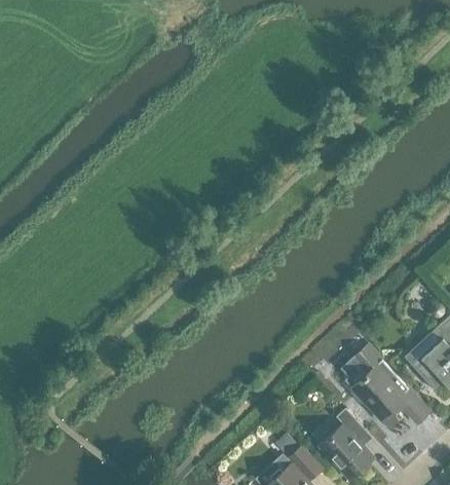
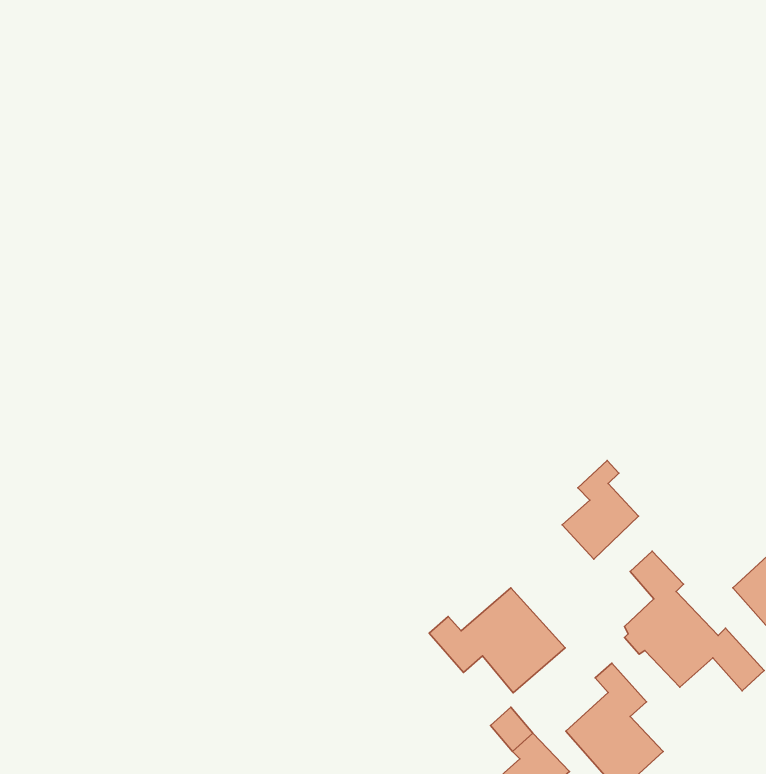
building: none -> [562,461,638,559]
building: none -> [429,588,565,693]

